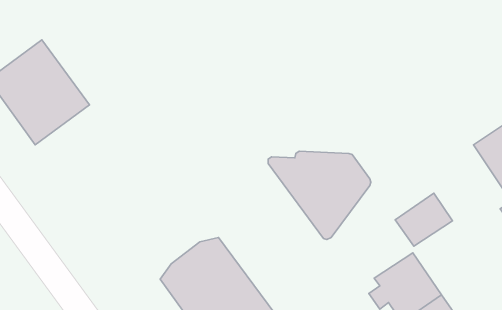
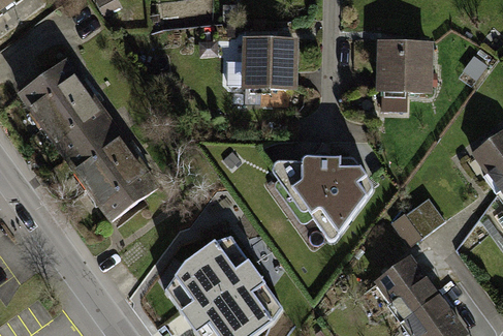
building: none -> [239,38,294,92]
building: none -> [376,39,432,97]
building: none -> [59,115,158,217]

